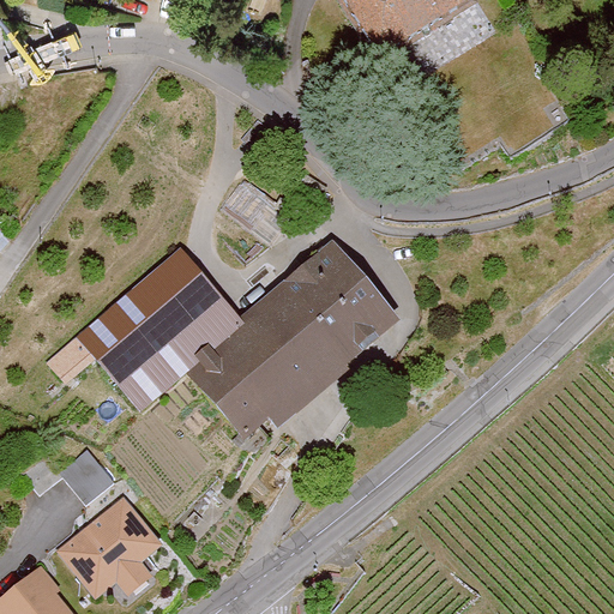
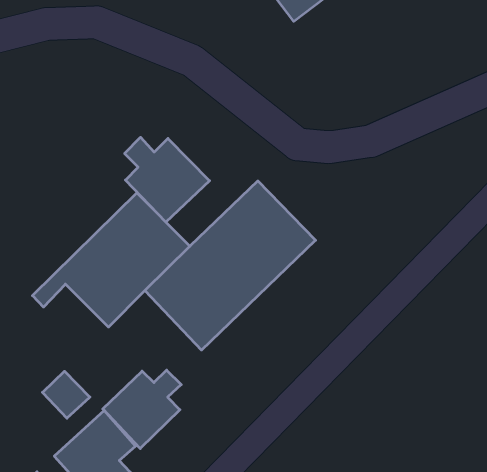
building: none -> [125,137,210,222]
building: none -> [103,370,181,449]

